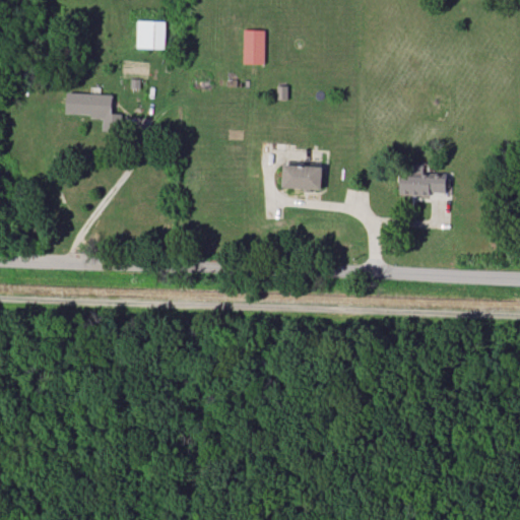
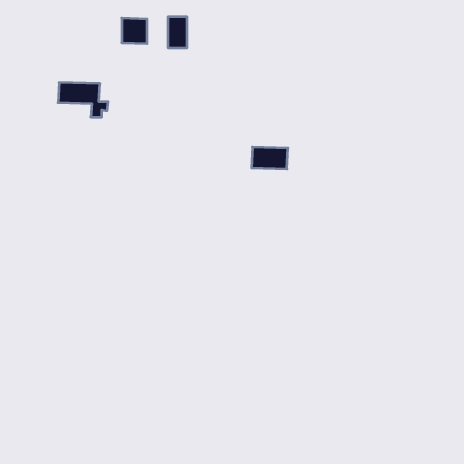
building: [243,29,264,64] -> [168,17,187,48]
building: [399,164,446,196] -> none

